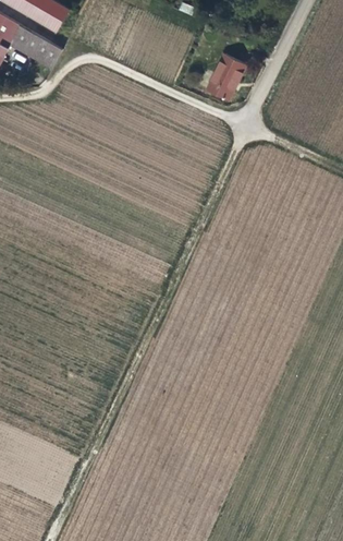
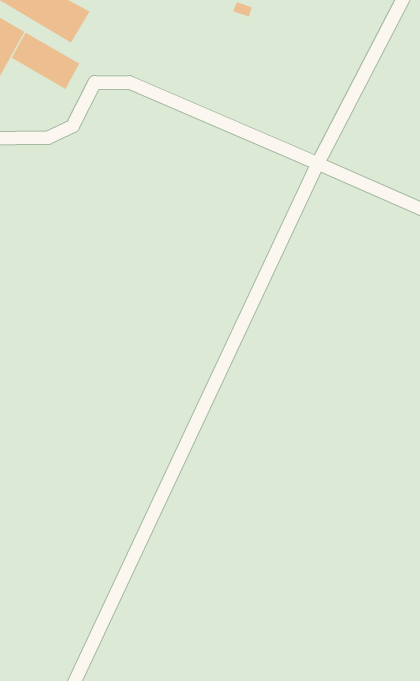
building: [205,52,245,99] -> none

